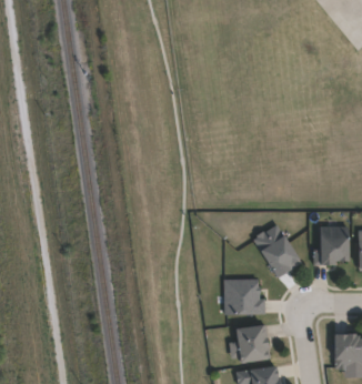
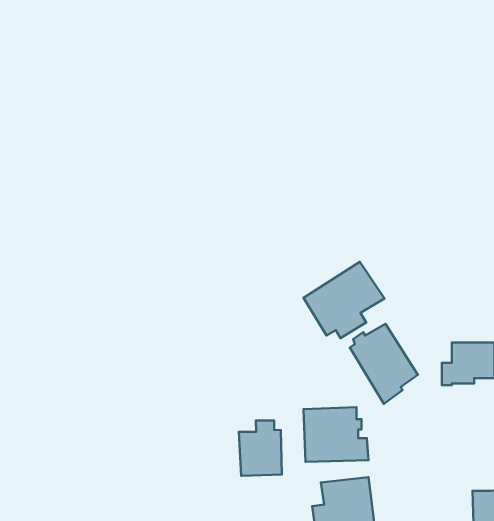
building: none -> [304,262,385,338]
building: none -> [239,420,282,476]

